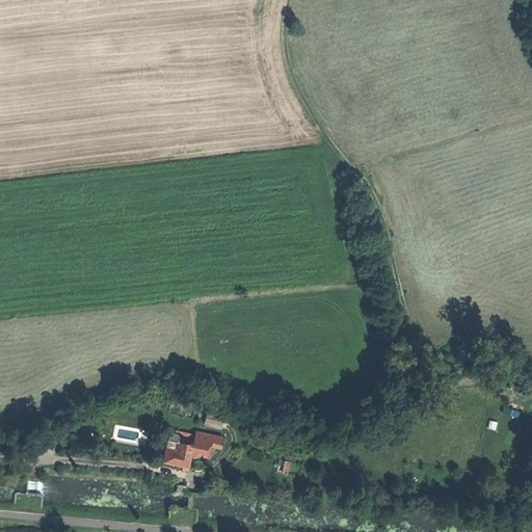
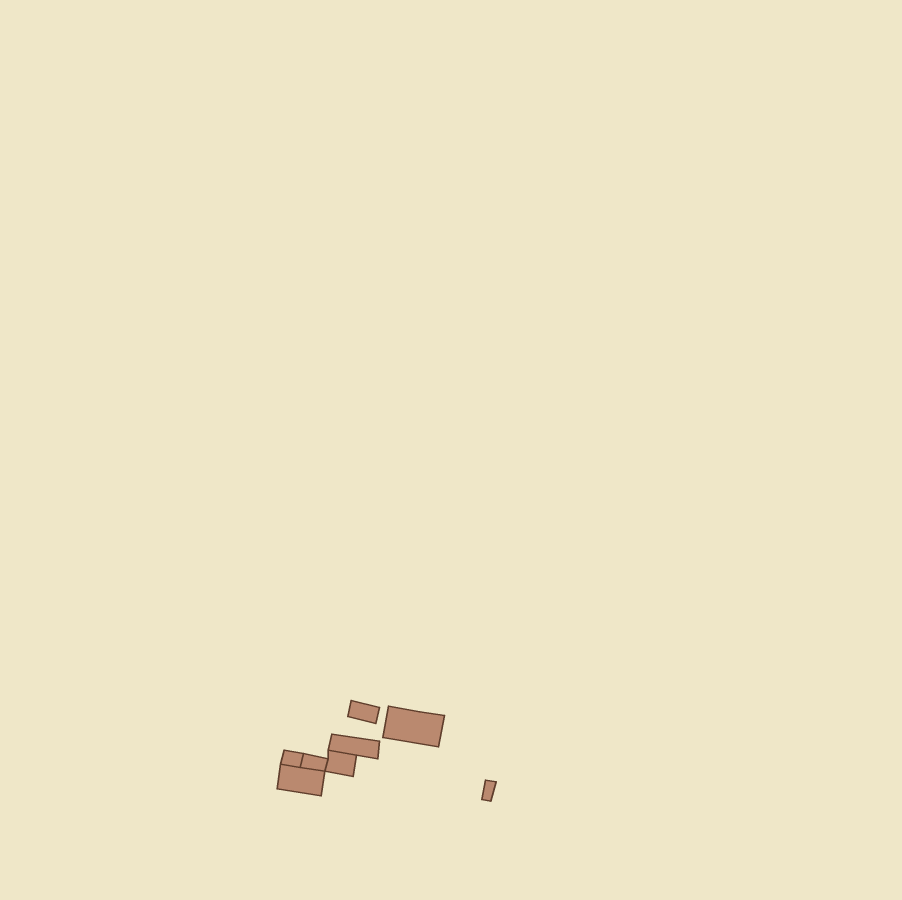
building: none -> [383,706,444,747]

